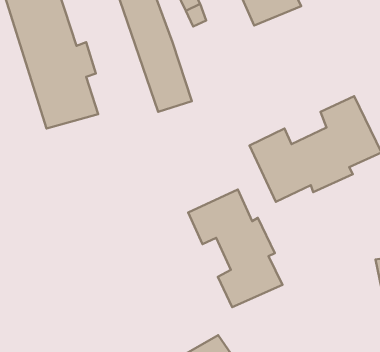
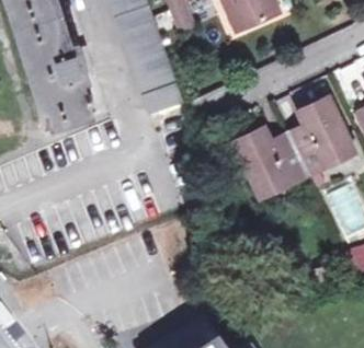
building: [188,189,282,307] -> none

